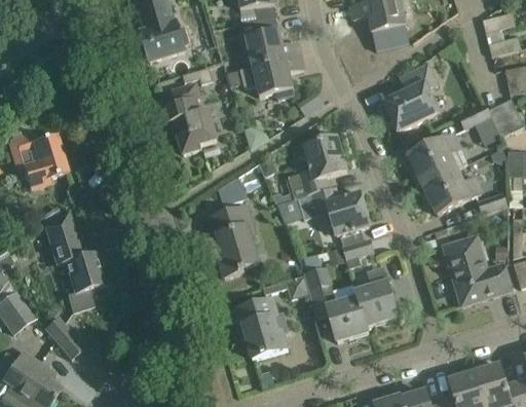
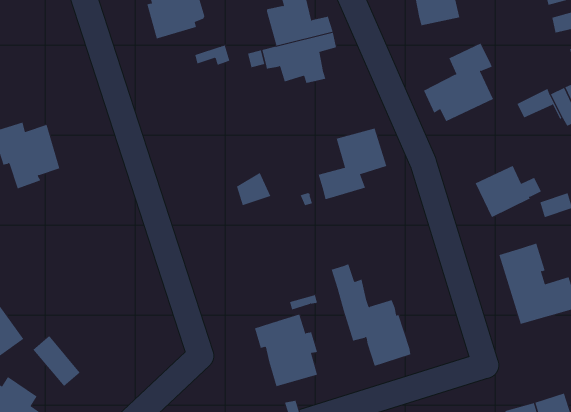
building: [162,83,216,153] -> none
building: [408,134,466,184] -> none
building: [298,187,369,235] -> none
building: [206,206,260,277] -> none
building: [43,210,108,311] -> none
building: [341,237,373,267] -> none
building: [354,267,398,326] -> none

